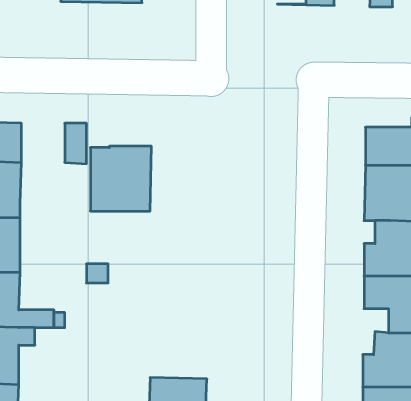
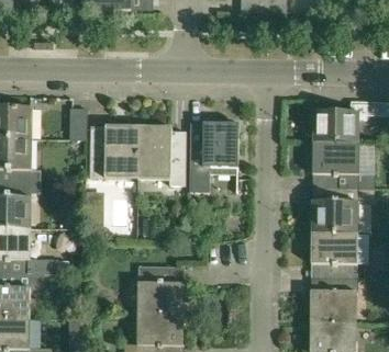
building: none -> [189,123,238,192]
building: none -> [137,126,185,184]
building: none -> [137,265,184,315]

